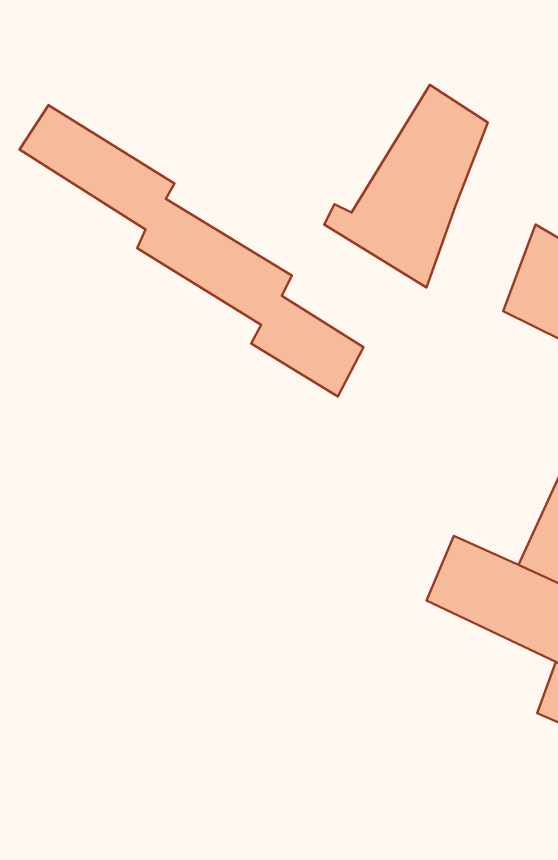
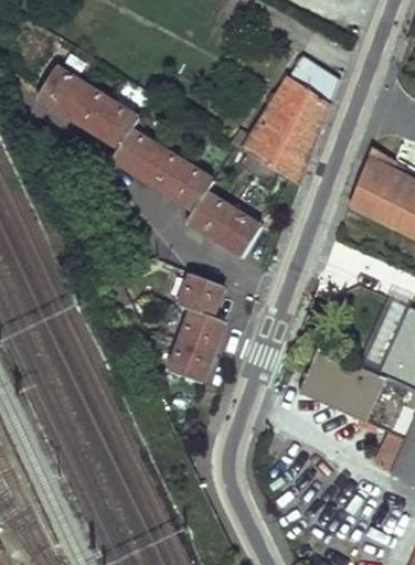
building: none -> [170,275,225,384]

